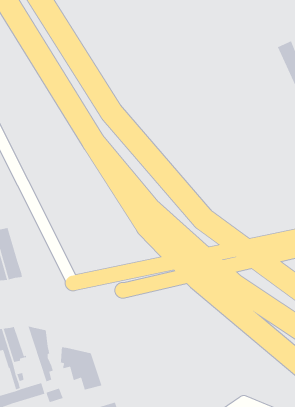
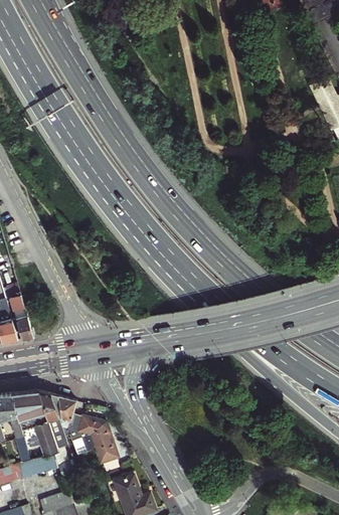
building: none -> [23,391,57,457]
building: none -> [58,396,76,441]

